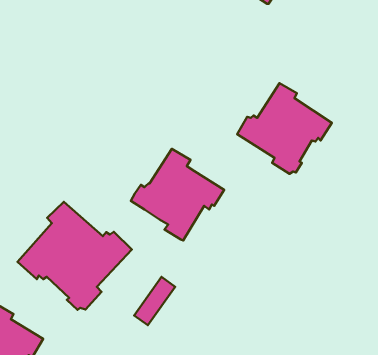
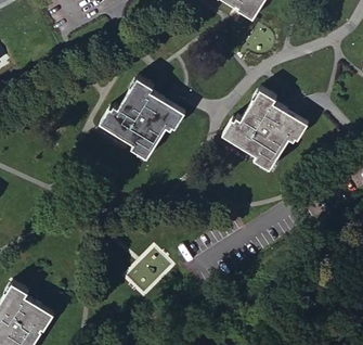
building: [131,149,224,241] -> [102,76,183,156]
building: [17,202,132,310] -> none

